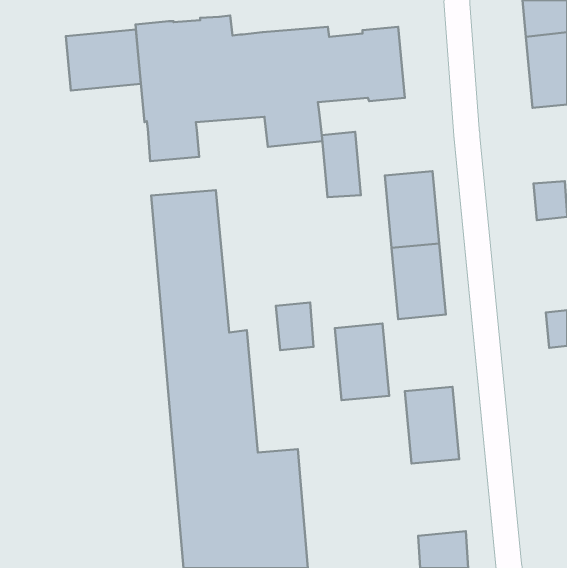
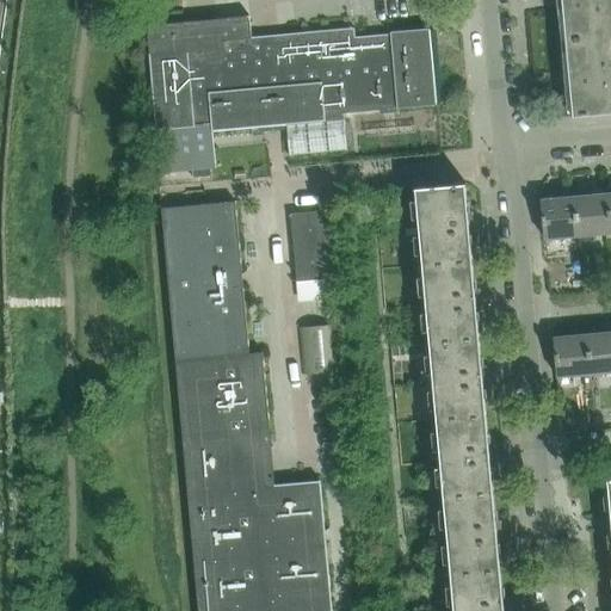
building: [66,30,141,90] -> none
building: [322,132,361,197] -> [289,211,331,282]
building: none -> [539,197,576,240]
building: none -> [551,335,590,377]
building: [335,324,389,400] -> [427,338,486,420]
building: none -> [442,493,500,575]

